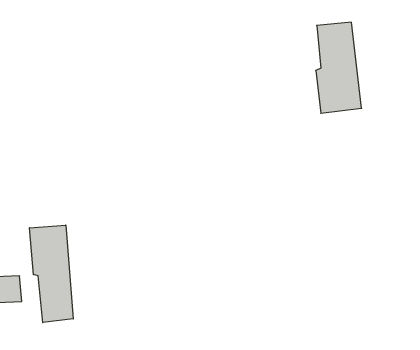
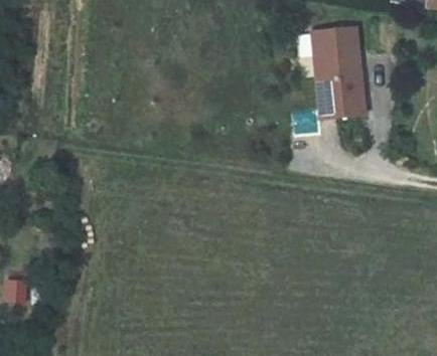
building: [30,225,73,323] -> none

